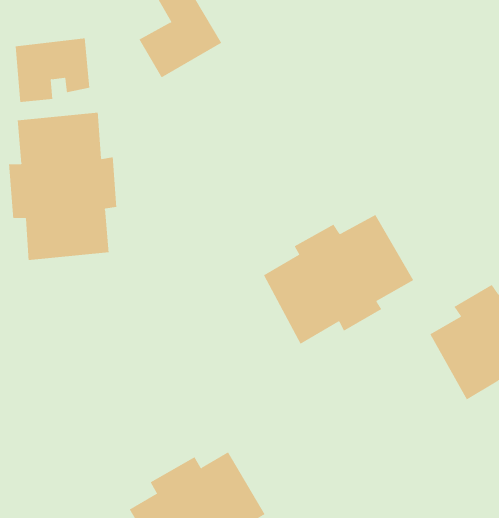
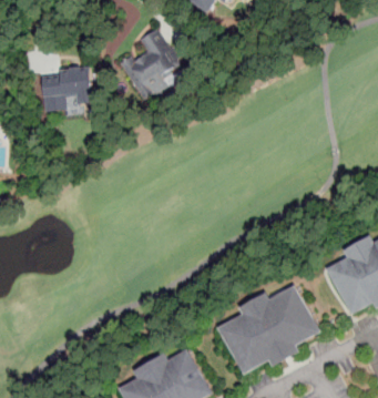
building: [8,112,117,261] -> none
building: [263,214,414,344] -> [216,286,320,376]

